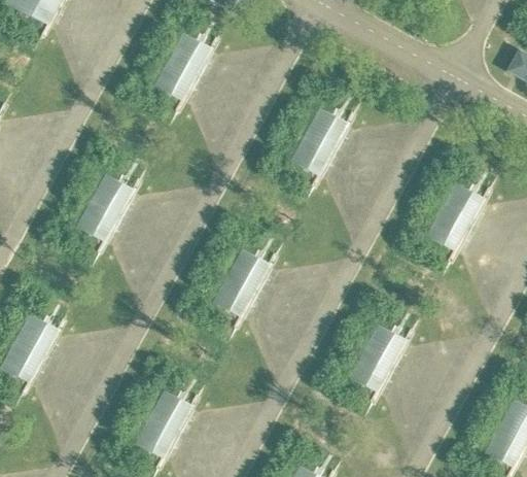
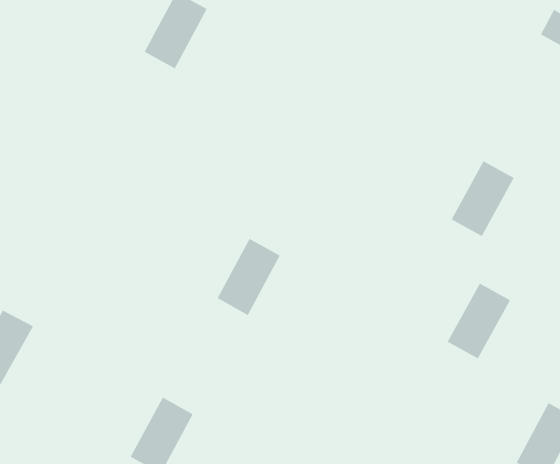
building: [293,109,350,178] -> none
building: [74,172,131,241] -> none
building: [347,322,403,390] -> [447,283,511,359]

